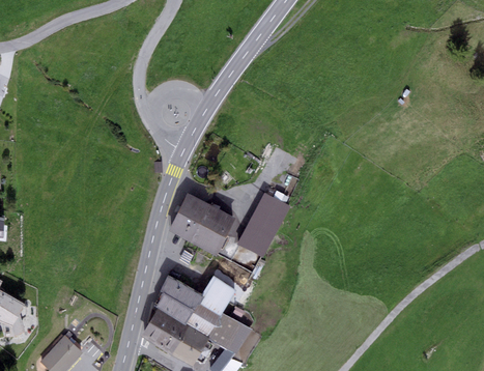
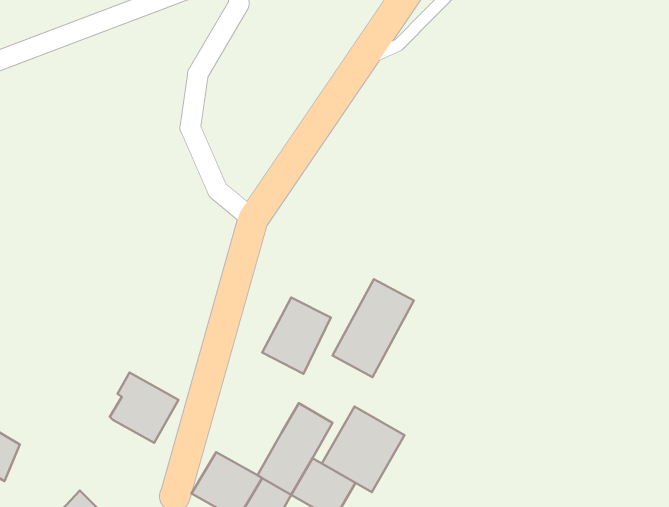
building: [169,193,209,241] -> none
building: [156,277,203,324] -> [110,372,179,443]
building: none -> [322,406,404,492]

